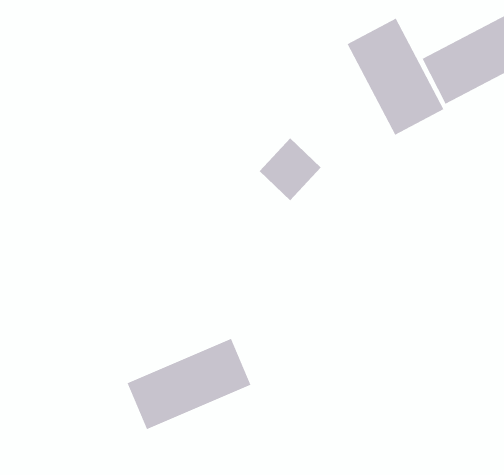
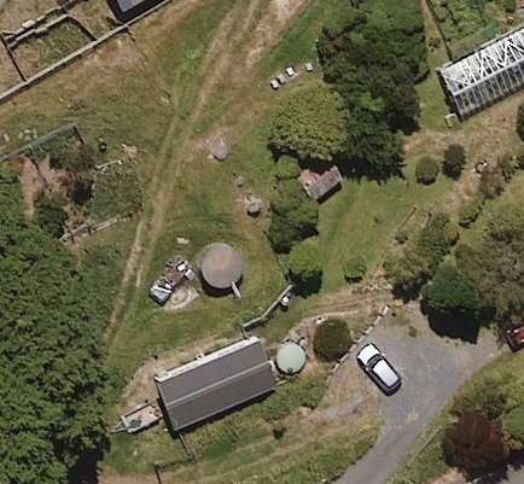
building: [347,17,445,136] -> none

